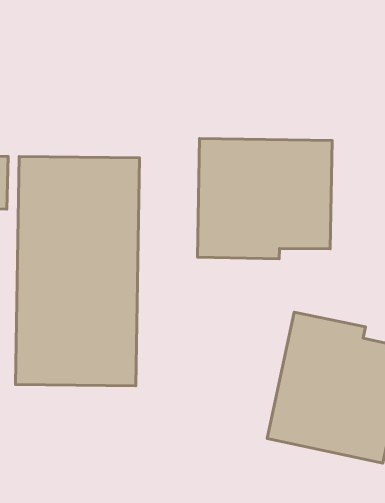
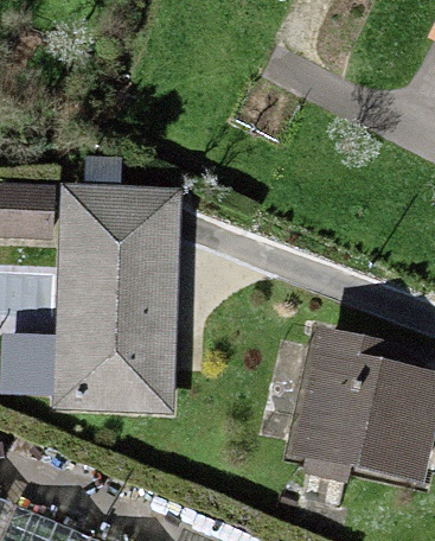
building: [198,138,332,259] -> none

